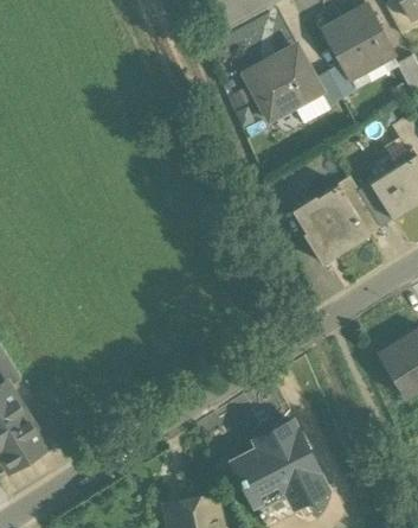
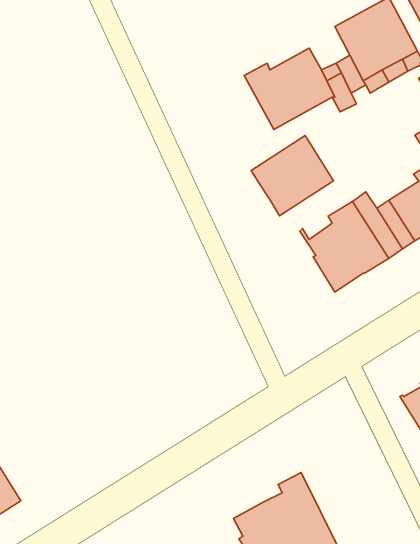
building: none -> [251,135,334,216]

